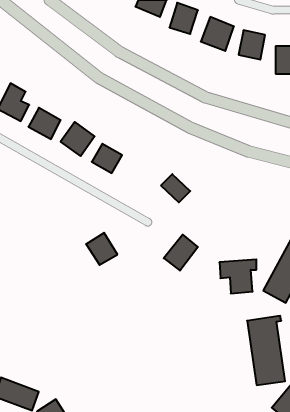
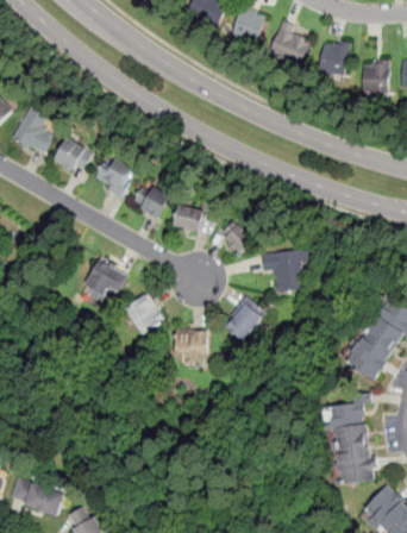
building: none -> [173,203,205,232]
building: none -> [84,261,126,301]
building: [219,259,256,293] -> [262,249,308,291]
building: none -> [176,328,207,362]

